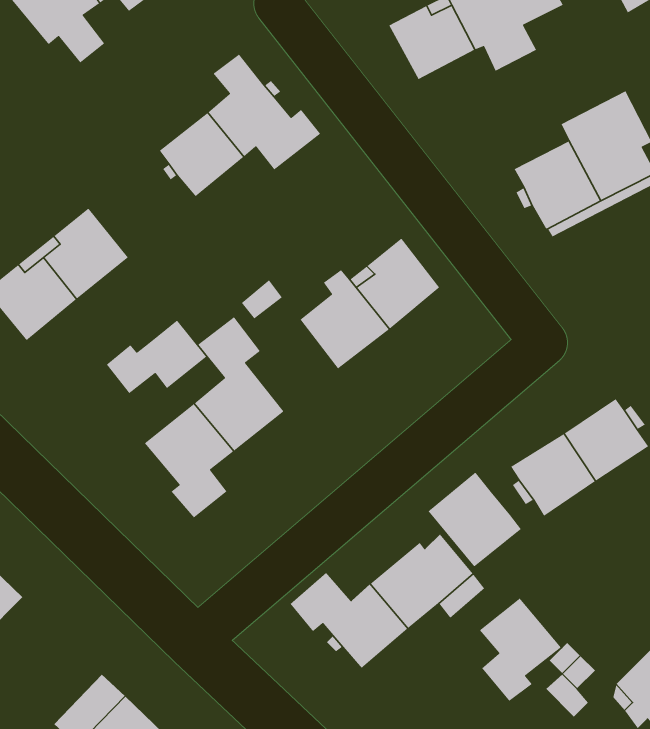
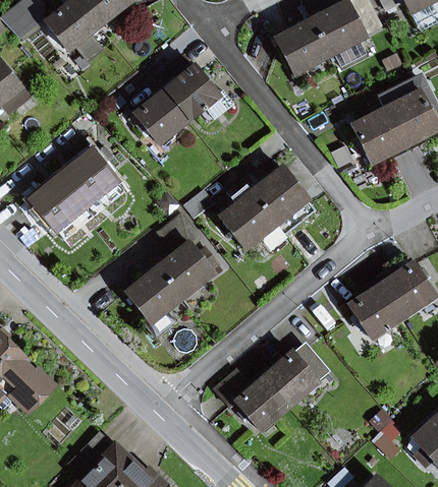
building: [106,319,207,394] -> none
building: [428,471,522,567] -> none
building: [479,597,562,702] -> none

